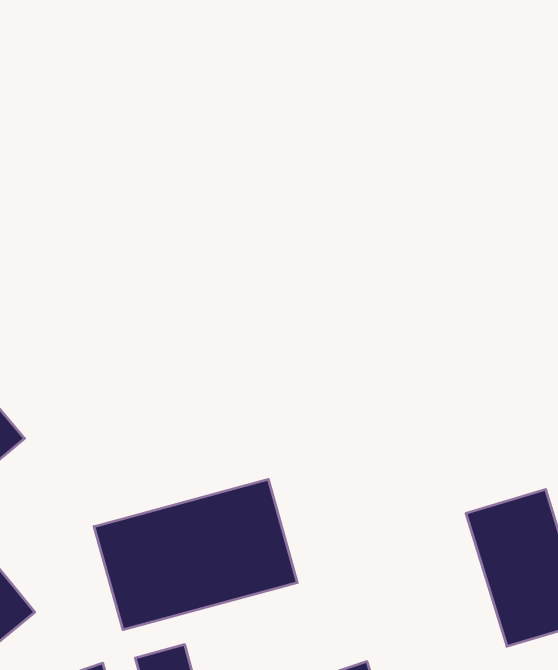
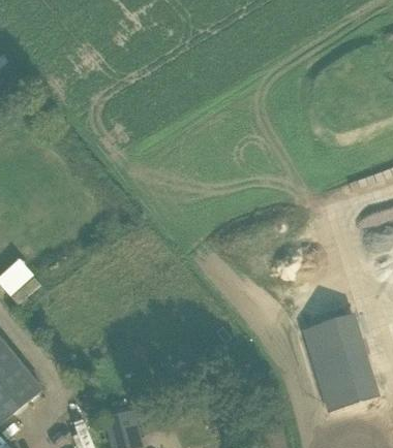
building: [94,479,297,630] -> none

